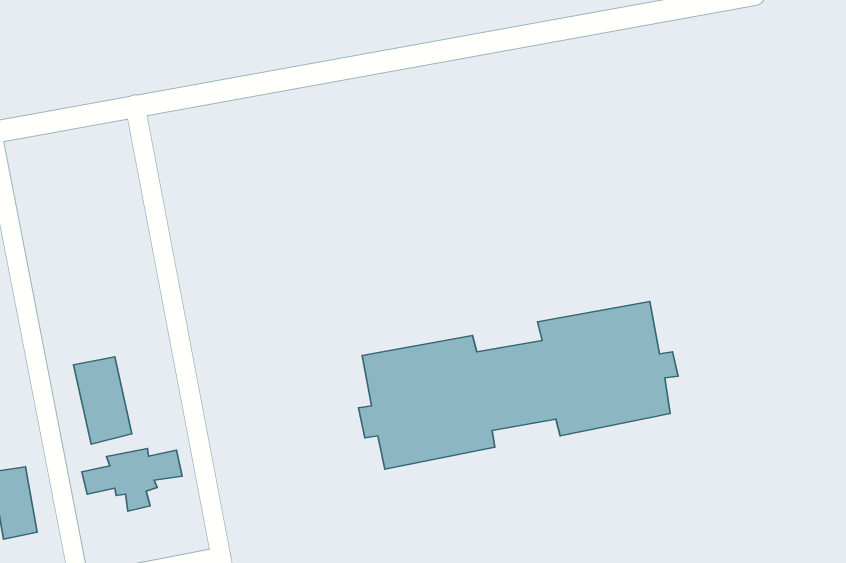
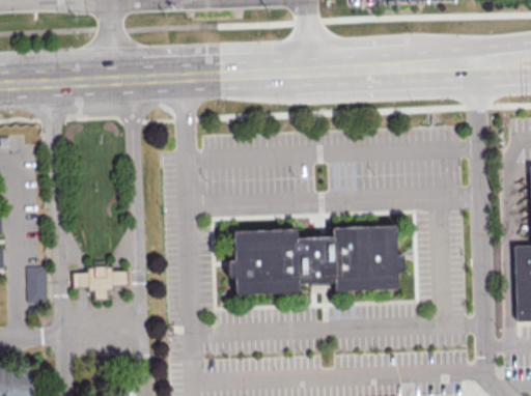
building: [74,357,132,444] -> none

